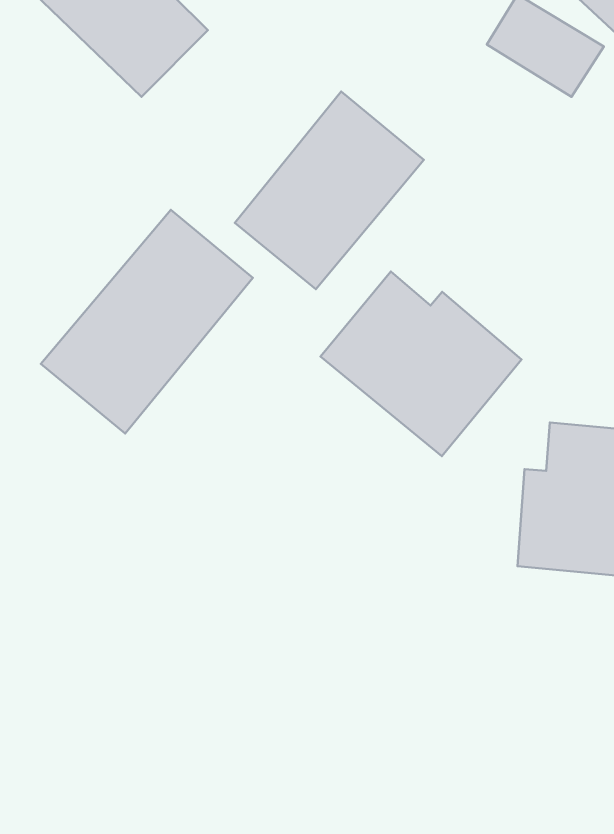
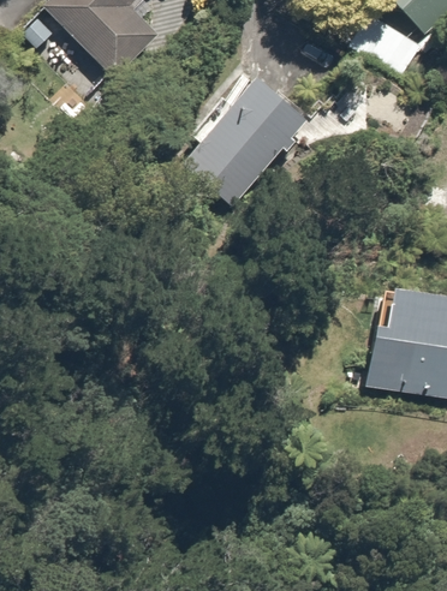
building: [41,210,253,433] -> none
building: [320,272,522,456] -> none

